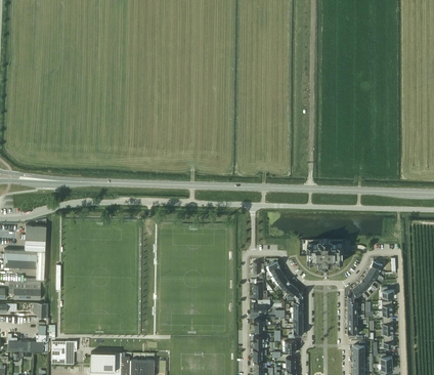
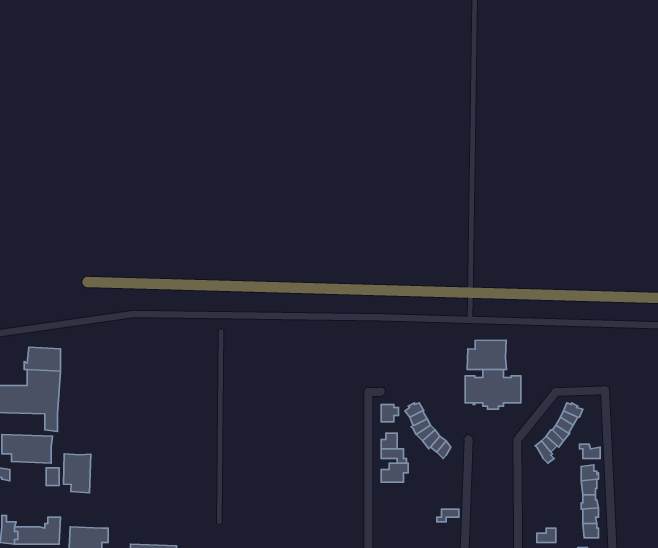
building: none -> [467,340,507,370]
building: none -> [64,454,91,493]

